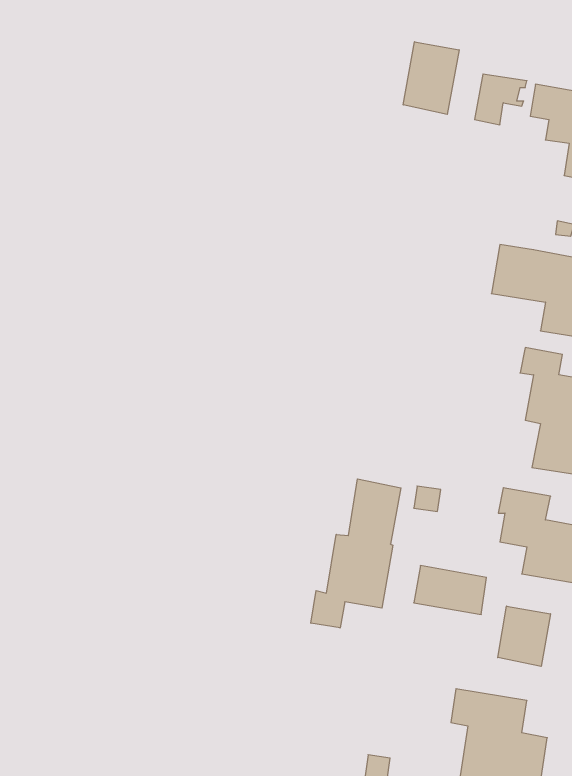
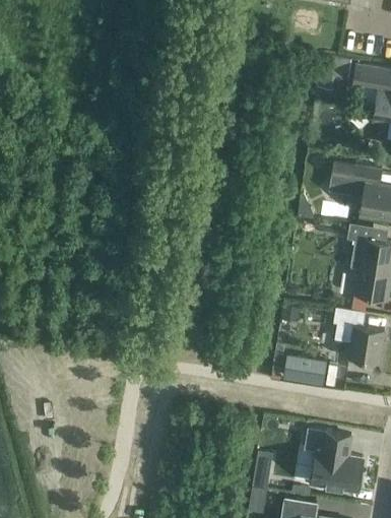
building: [403,42,459,114] -> none
building: [311,479,401,628] -> none
building: [498,606,550,666] -> none

